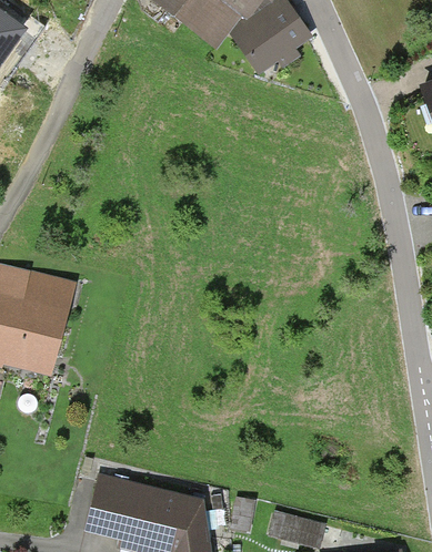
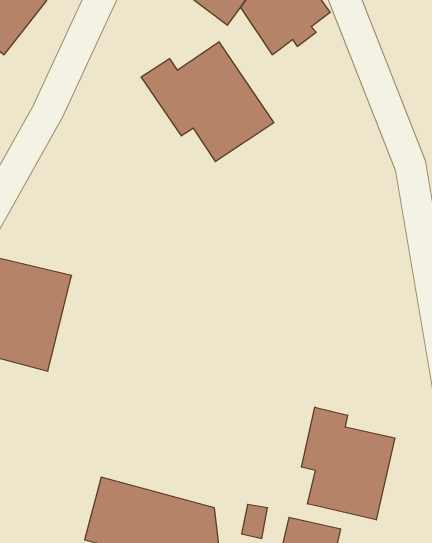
building: none -> [141,42,274,162]
building: none -> [301,407,395,520]

